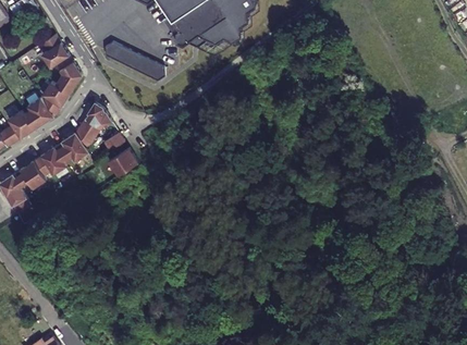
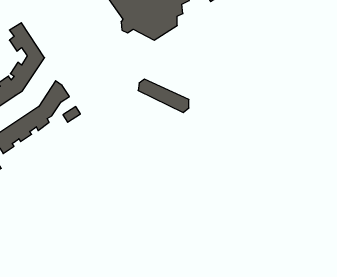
building: [103,42,163,82] -> [138,79,189,112]
building: [108,148,138,175] -> none

